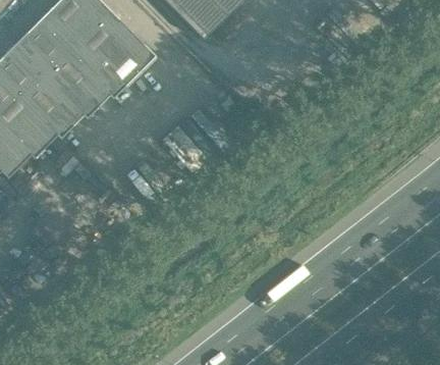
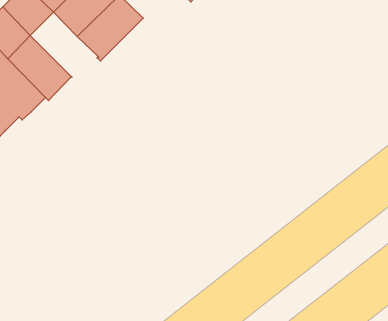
building: [41,48,109,116] -> none

